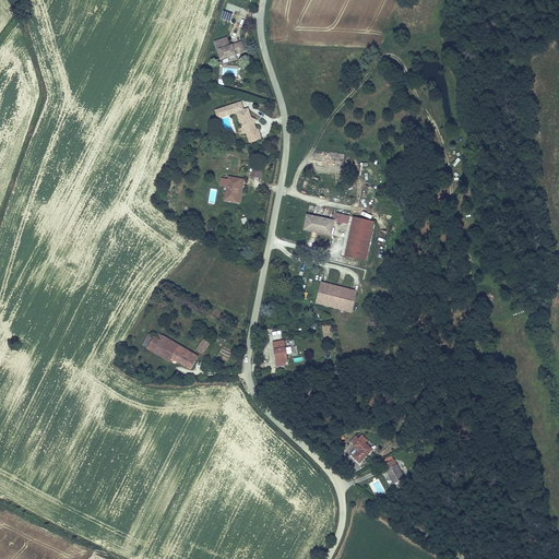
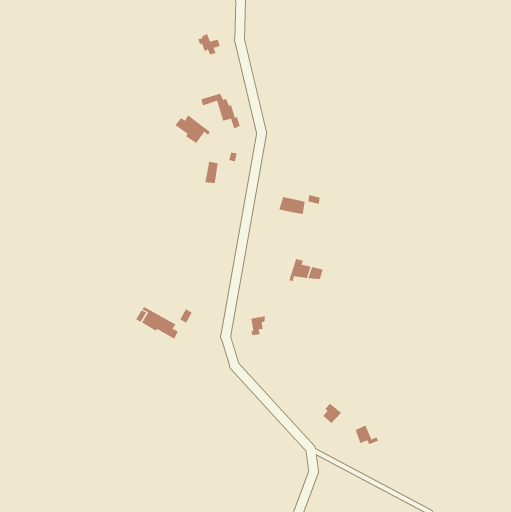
building: none -> [174,115,211,144]
building: [346,215,374,259] -> none

